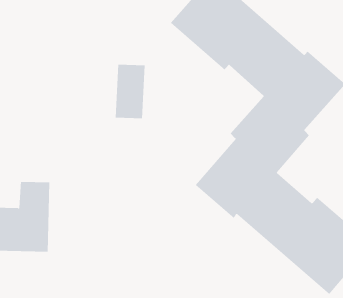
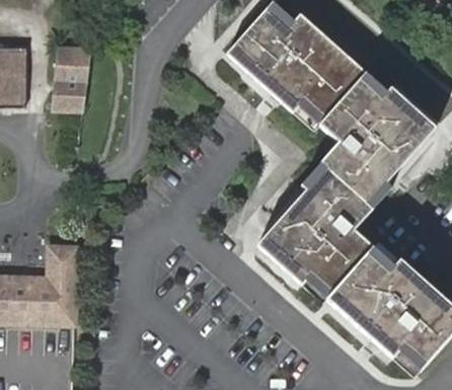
building: [115,64,145,119] -> [53,47,89,111]

